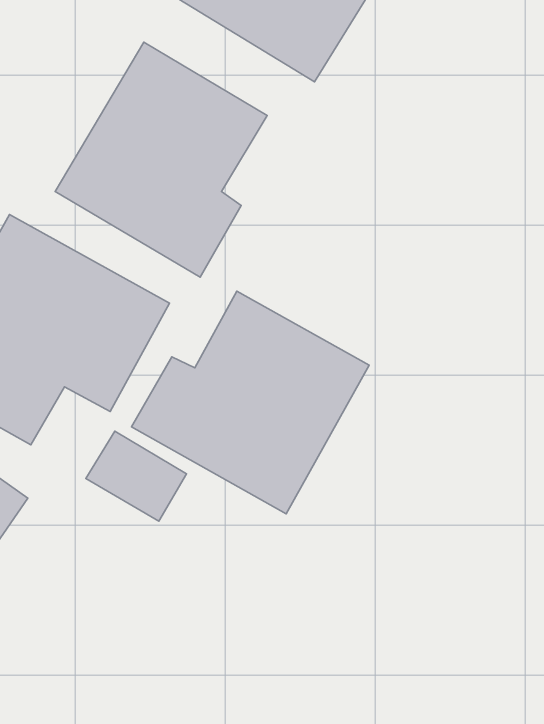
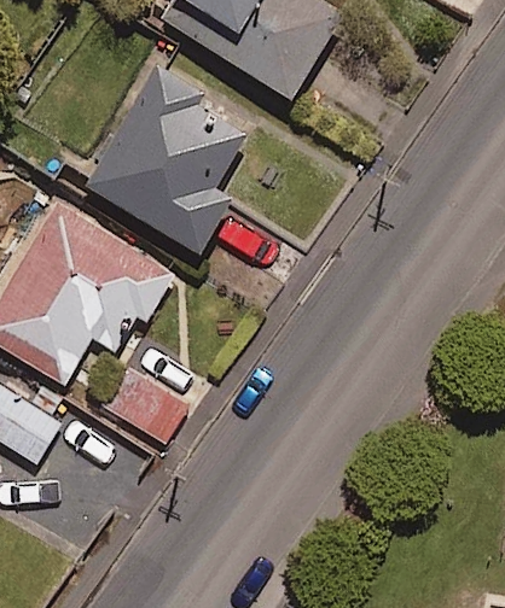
building: [131,291,369,514] -> none

